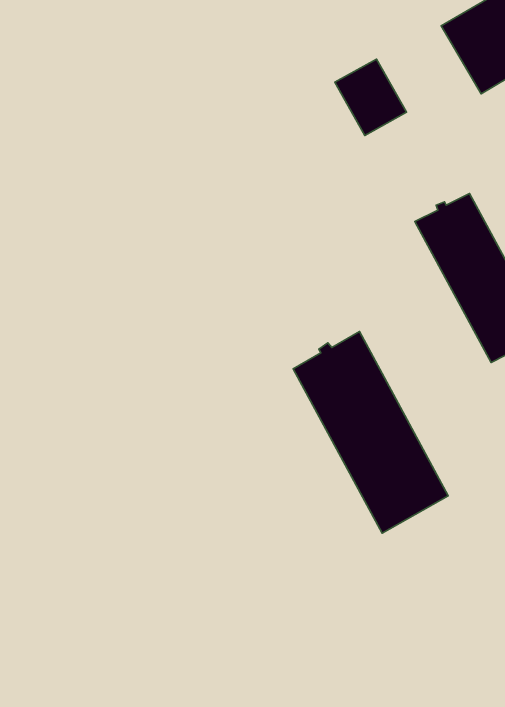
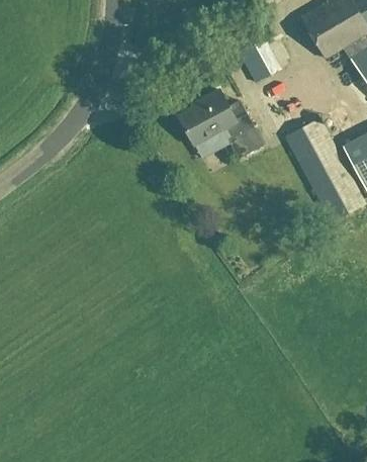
building: none -> [179,90,263,159]
building: [293,332,448,533] -> none

